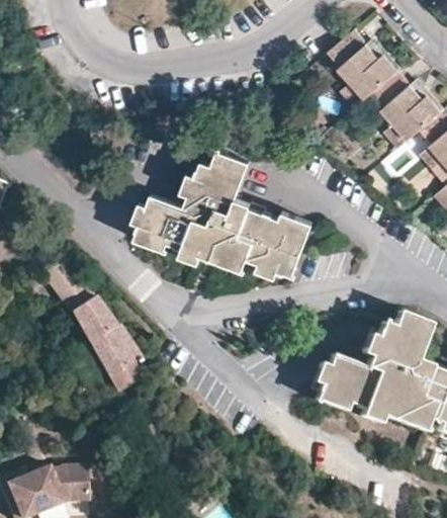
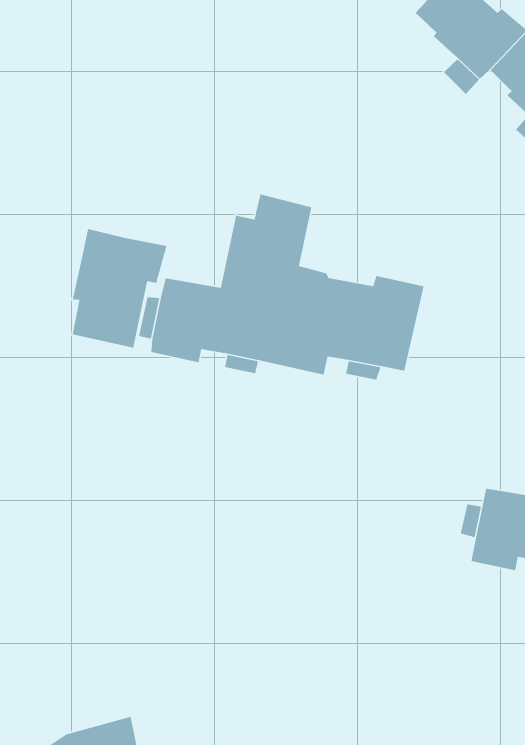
building: none -> [72,228,168,348]
building: [43,261,153,393] -> none

